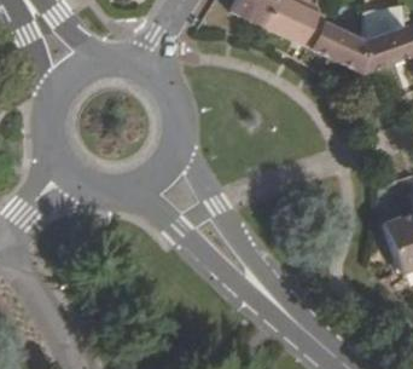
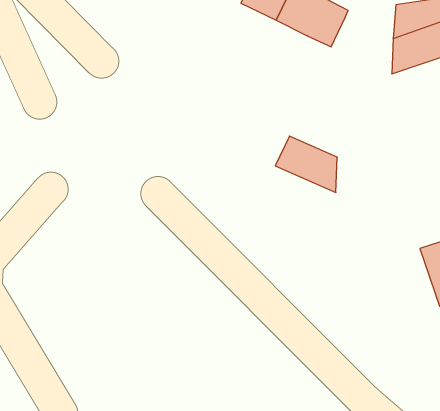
building: [309,23,362,71] -> [275,136,337,192]

